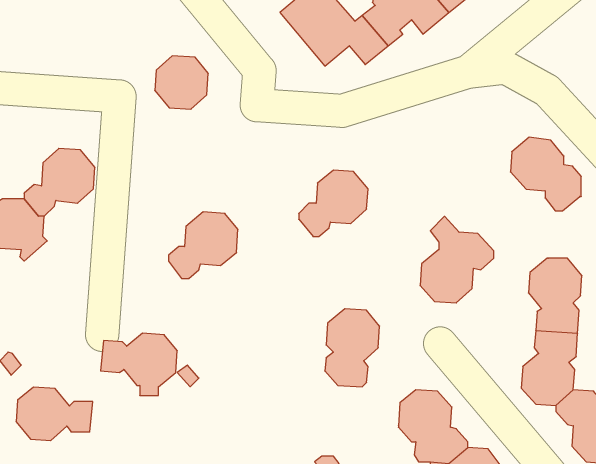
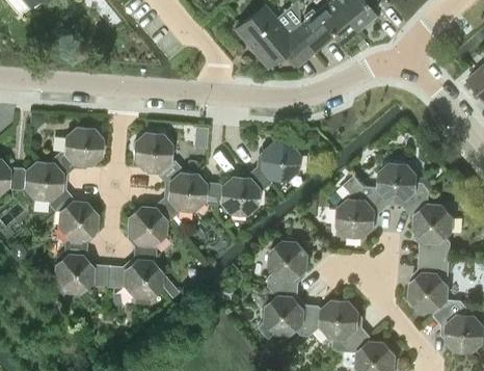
building: [155,56,208,109] -> [132,133,170,171]
building: [510,137,581,211] -> [377,163,428,216]
building: none -> [204,176,259,214]
building: none -> [51,193,96,240]
building: none -> [126,207,164,245]
building: none -> [265,297,321,337]
building: [16,387,93,441] -> [53,255,108,293]

